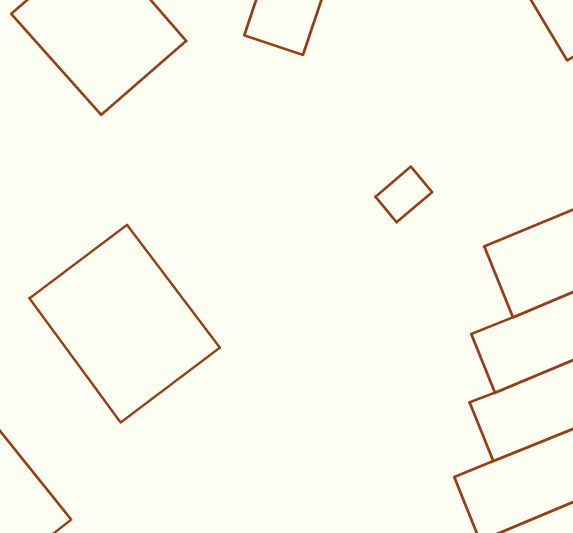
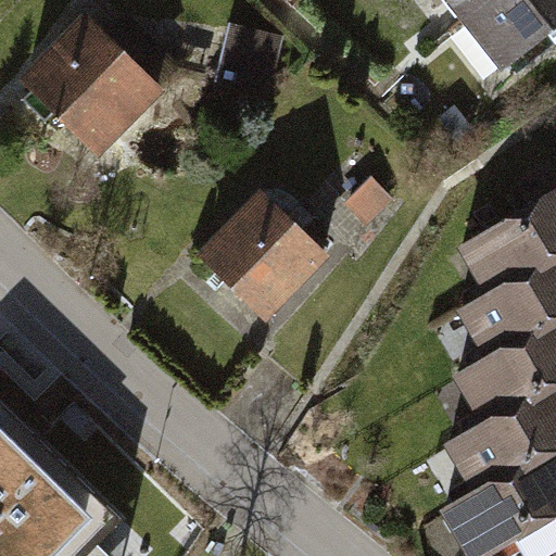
building: none -> [195,192,337,333]
building: [29,225,220,422] -> none

